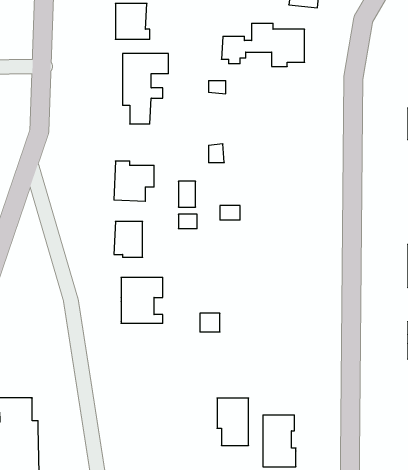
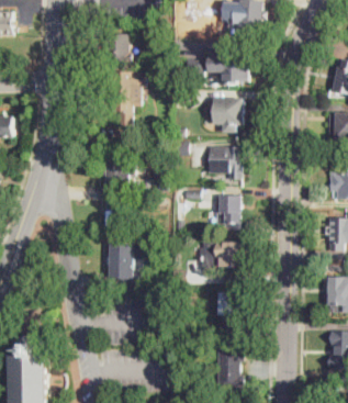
building: none -> [213,89,243,132]
building: none -> [207,146,242,180]
building: none -> [214,197,246,230]
building: none -> [200,243,247,268]
building: [217,398,249,445] -> [217,292,242,328]

